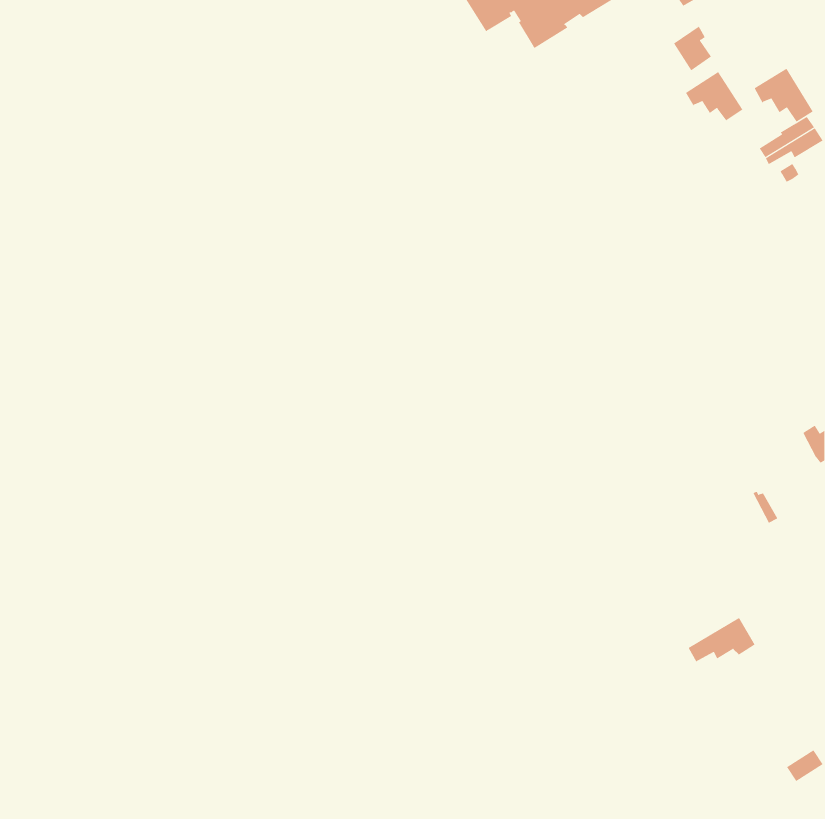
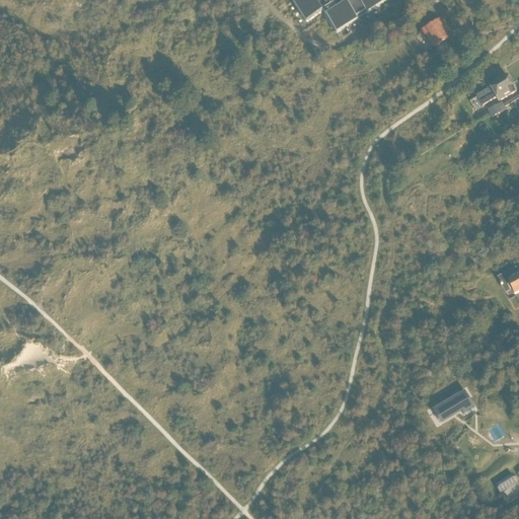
building: [754,68,813,123] -> none
building: [685,71,743,121] -> none

